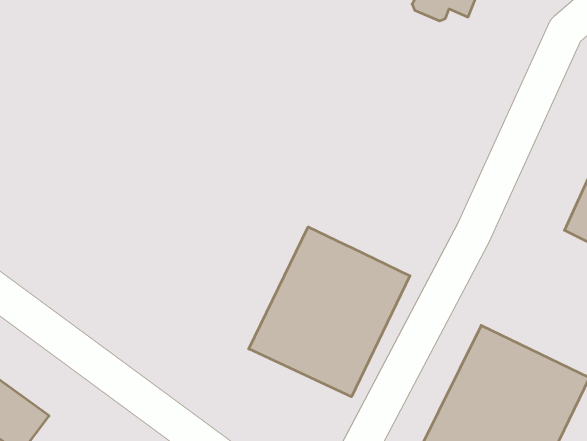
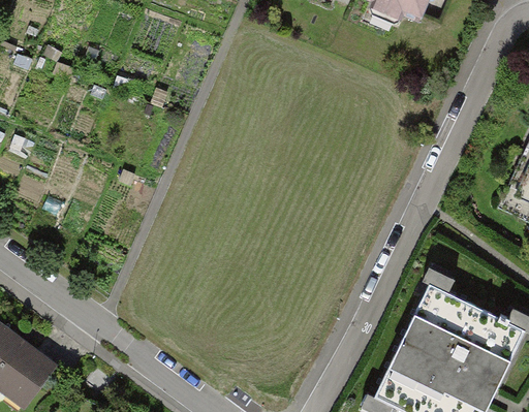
building: [249,227,410,397] -> none

